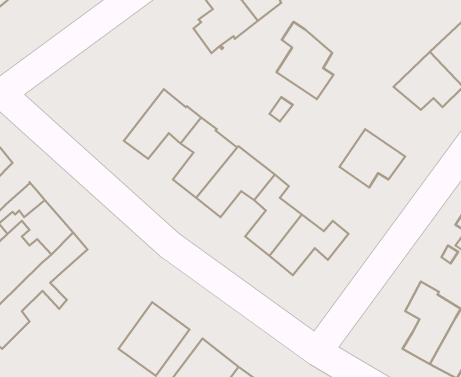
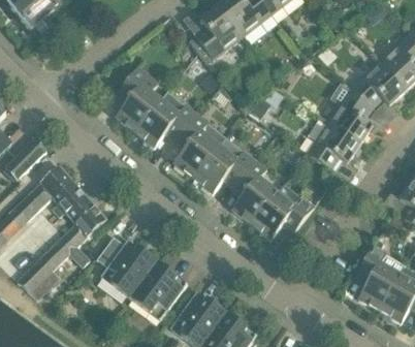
building: [277,22,333,99] -> [327,83,373,145]
building: none -> [115,66,160,132]
building: none -> [96,235,157,298]

